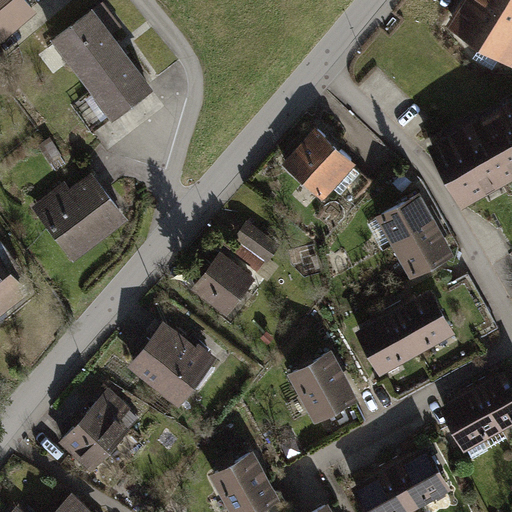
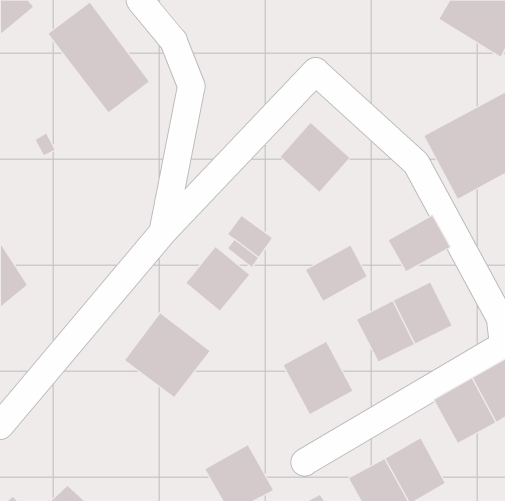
building: [30,175,125,263] -> none
building: [375,191,438,248] -> [305,245,368,301]
building: [56,392,138,475] -> none

